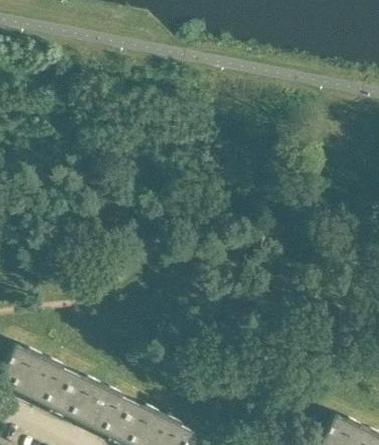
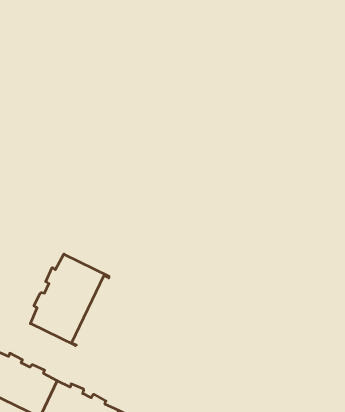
building: none -> [30,254,109,346]

